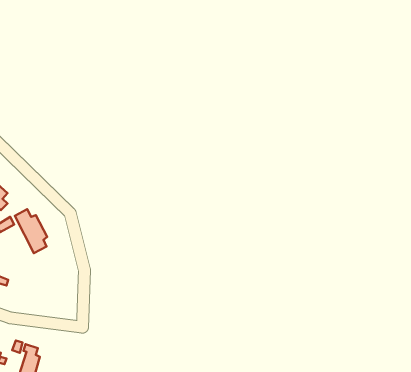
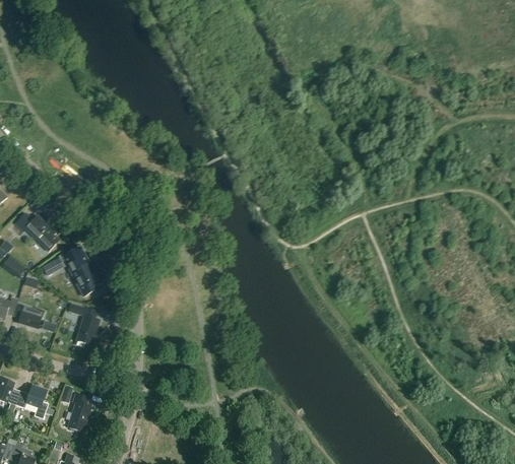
building: none -> [67,302,100,345]

